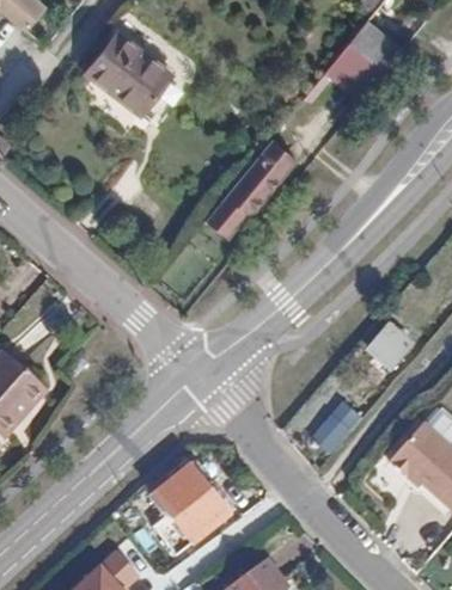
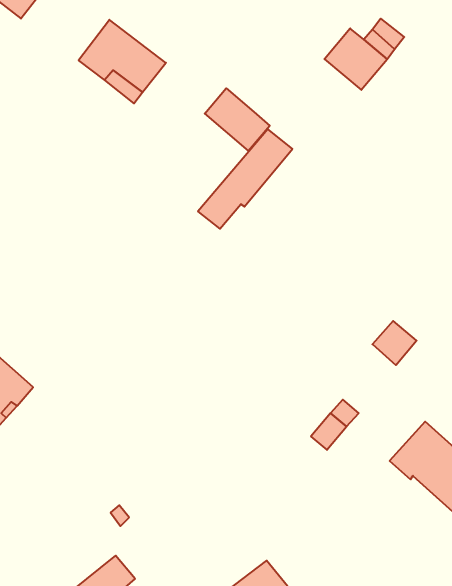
building: none -> [205,88,270,151]
building: [154,469,227,555] -> none

